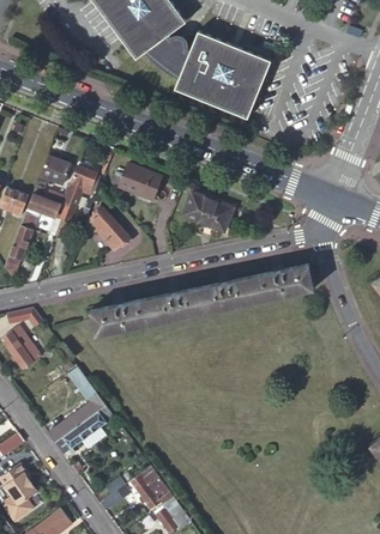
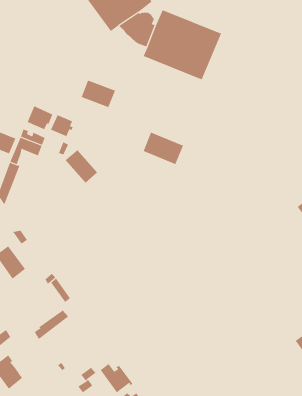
building: [119,164,162,199] -> [81,80,116,108]
building: [91,265,313,334] -> none
building: [55,406,111,457] -> none

